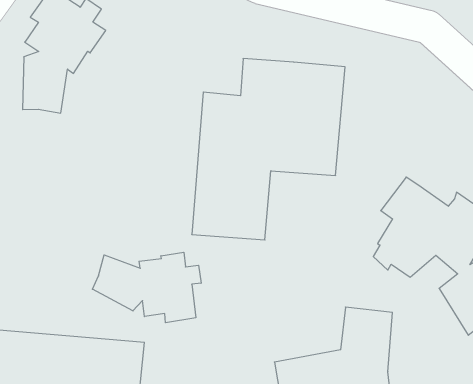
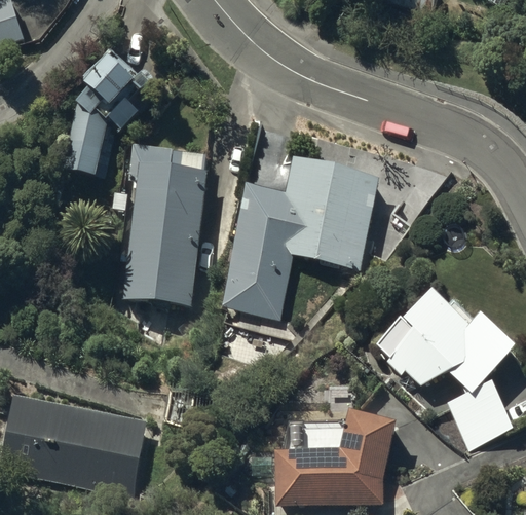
building: none -> [122,145,209,307]
building: [92,252,201,323] -> none

